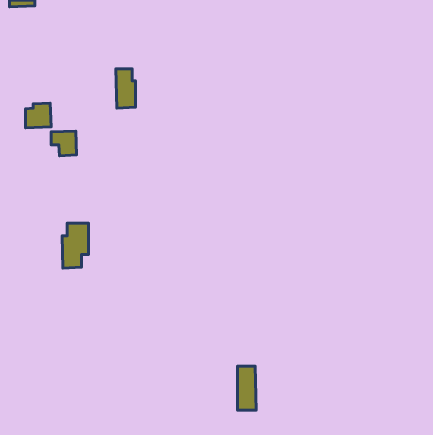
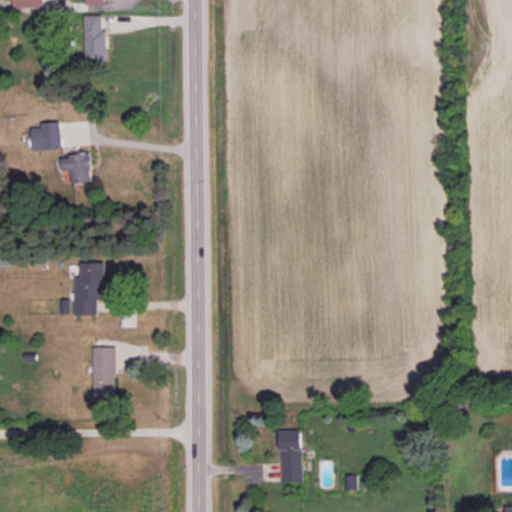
building: [116,69,136,108] -> [82,15,105,61]
building: none -> [92,346,115,398]

